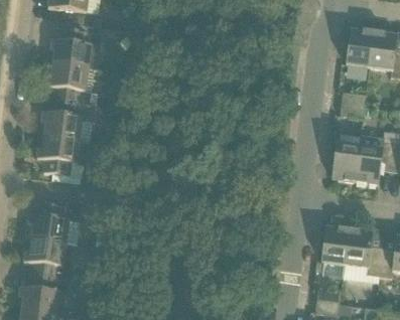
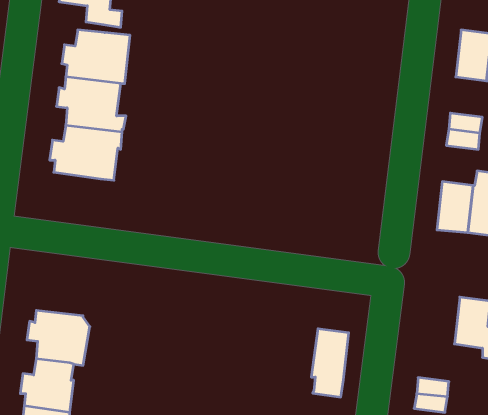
building: [37,137,80,177] -> none
building: [28,201,82,246] -> none
building: [321,227,350,279] -> [311,329,349,397]

